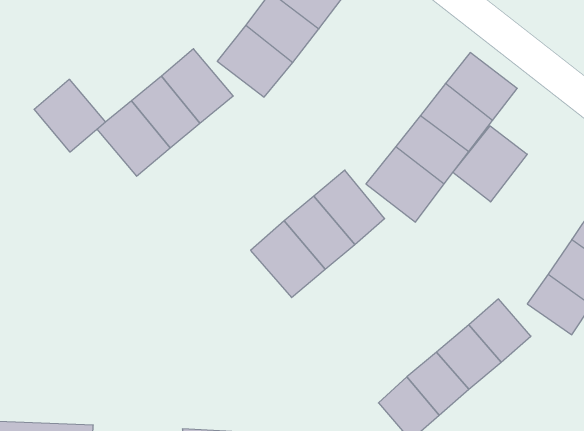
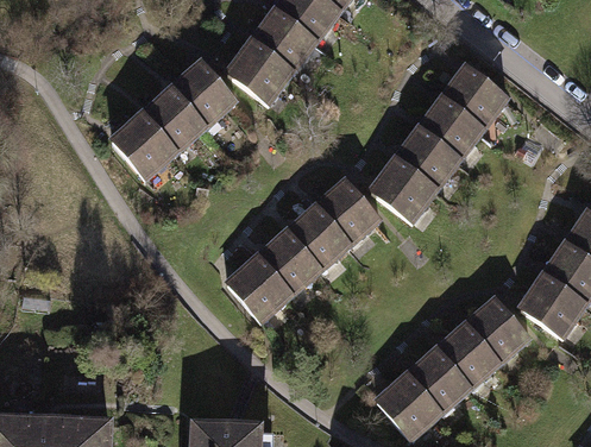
building: [34,79,105,152] -> none
building: [453,126,527,202] -> none
building: none -> [221,252,295,326]

